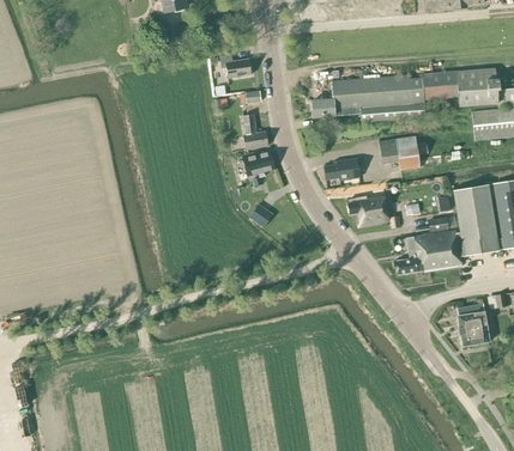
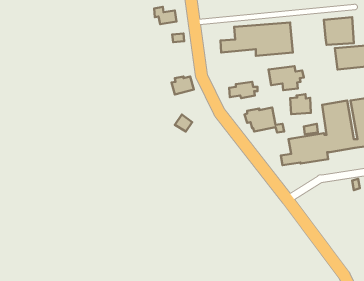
building: [410,71,459,116] -> none
building: [243,114,268,148] -> none
building: none -> [290,94,311,114]
building: [456,303,490,345] -> none

